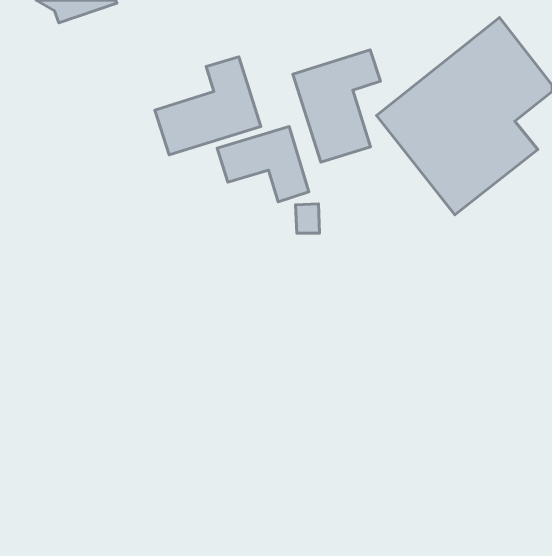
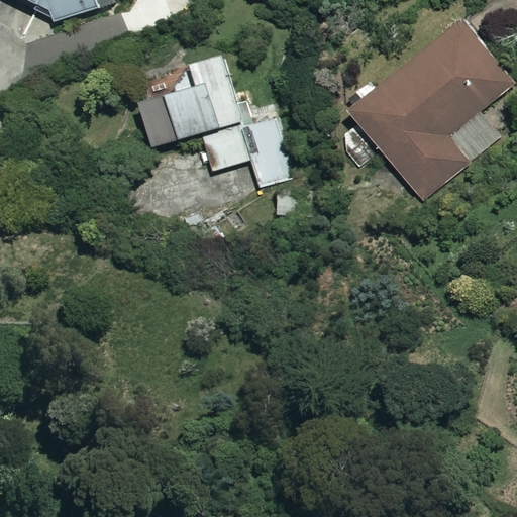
building: [293,50,380,162] -> none

